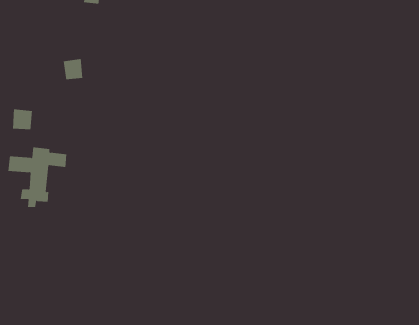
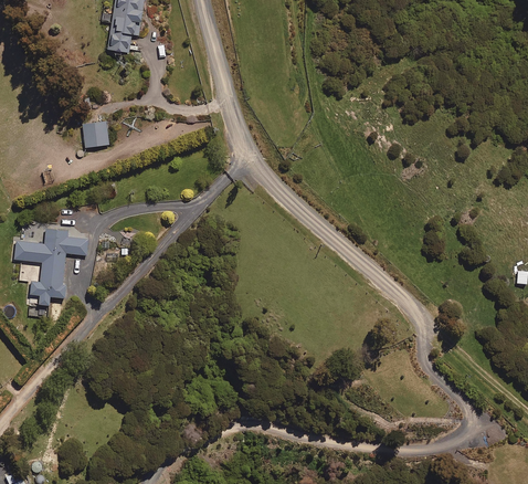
building: [13,109,33,130] -> none

